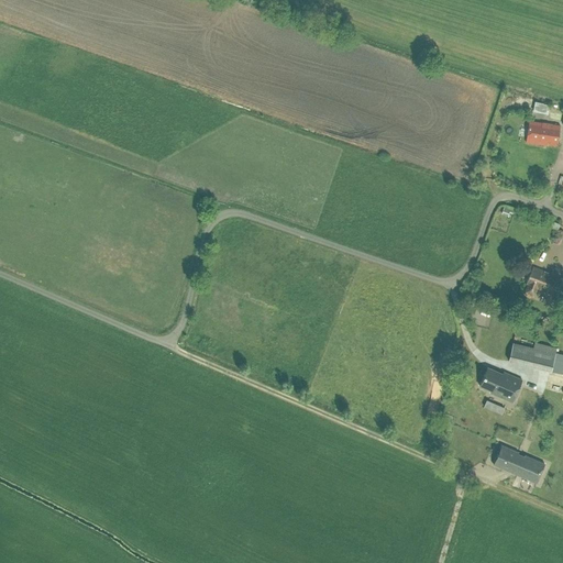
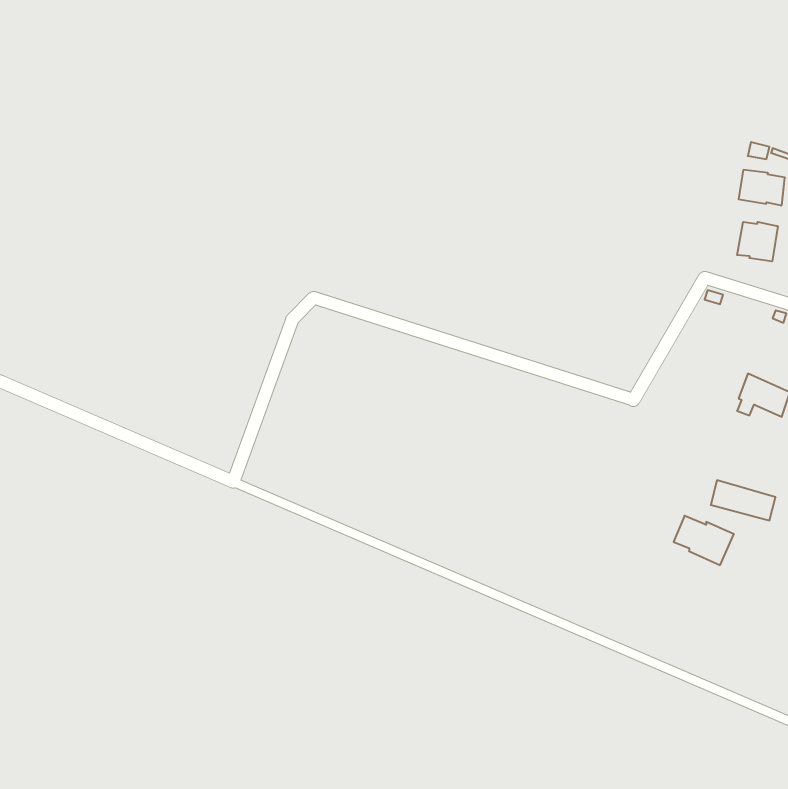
building: none -> [737,222,778,261]
building: [494,445,545,483] -> none

